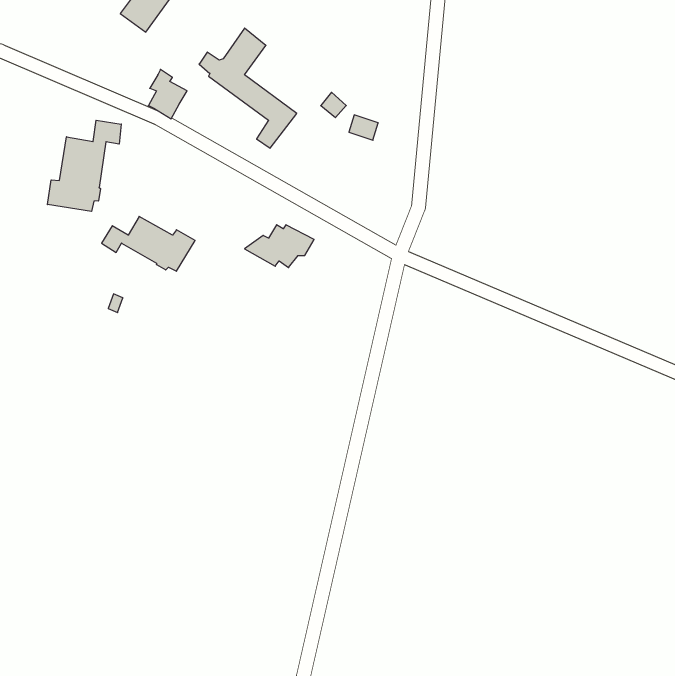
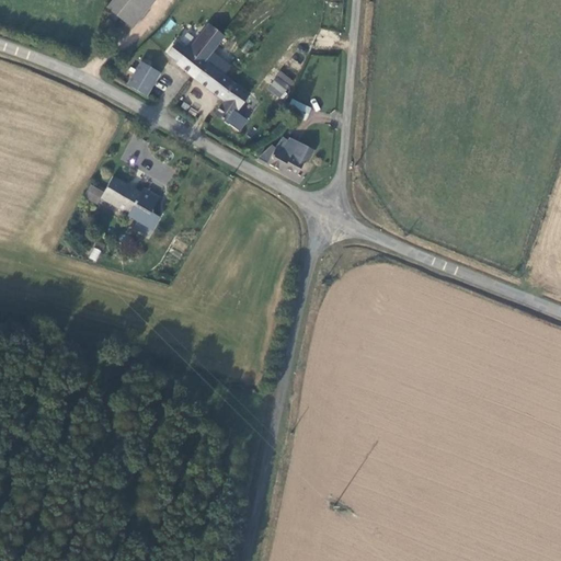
building: [47,120,121,211] -> none
building: [245,225,314,268] -> [259,137,316,172]

